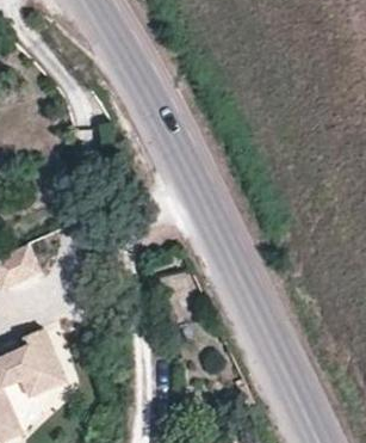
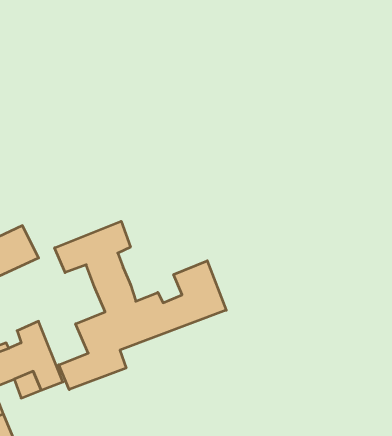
building: none -> [55,221,226,390]

